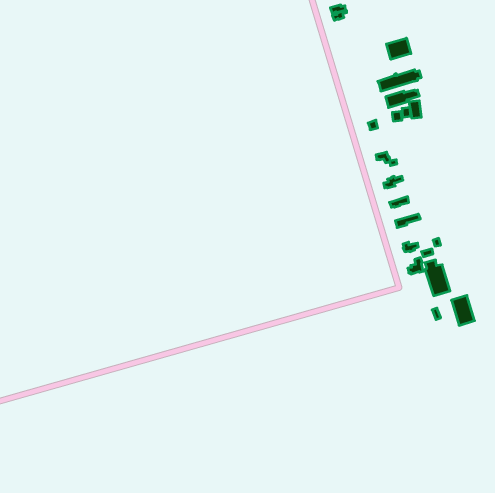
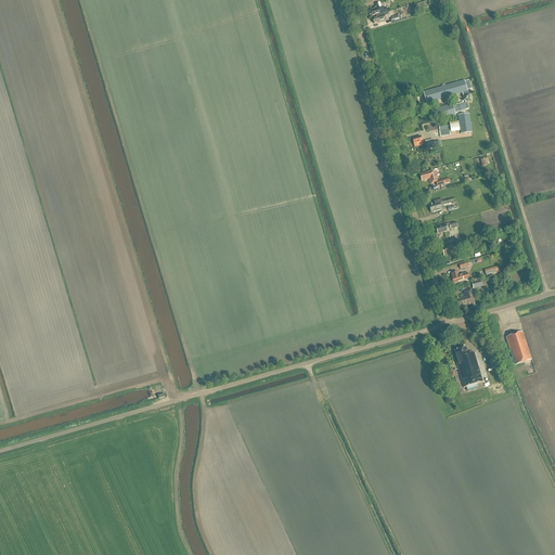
building: [386,38,411,59] -> none
building: [425,260,450,296] -> [454,346,482,386]

